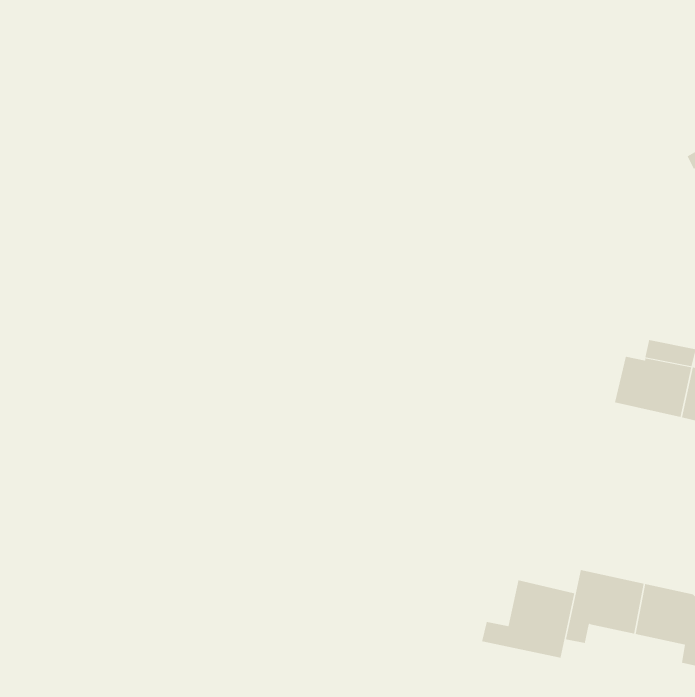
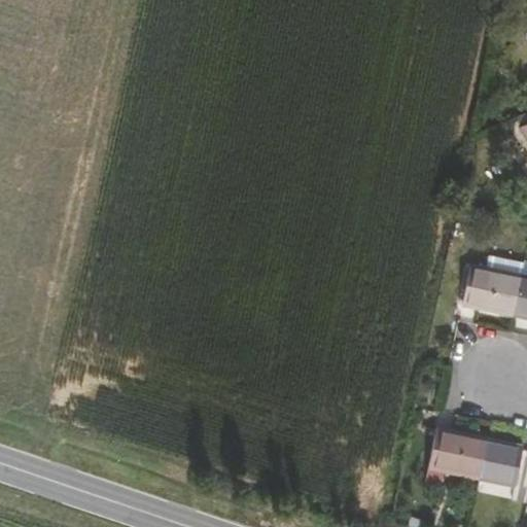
building: [482,579,575,659] -> none

